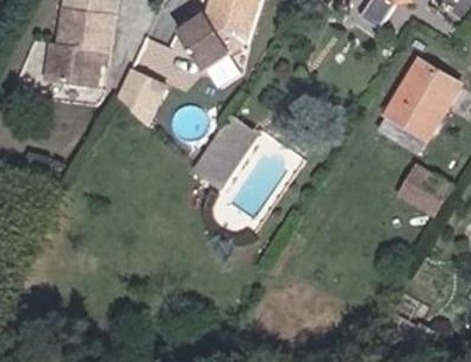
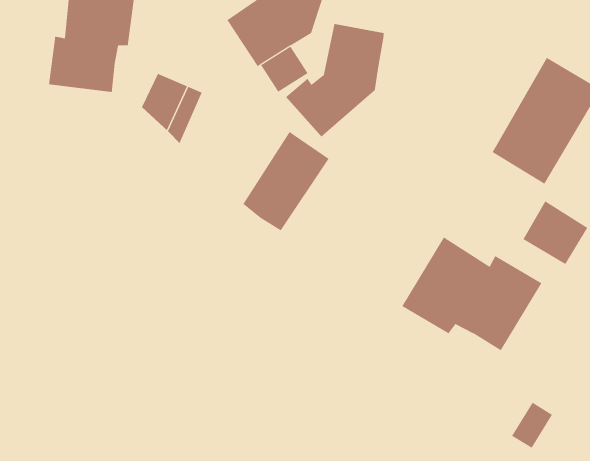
building: none -> [285,23,384,137]
building: none -> [402,236,542,351]

